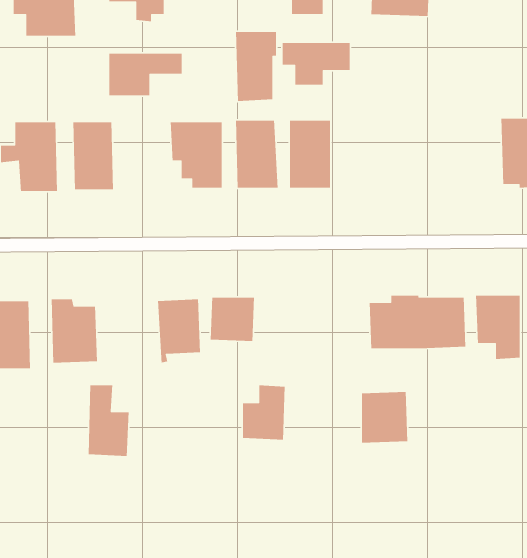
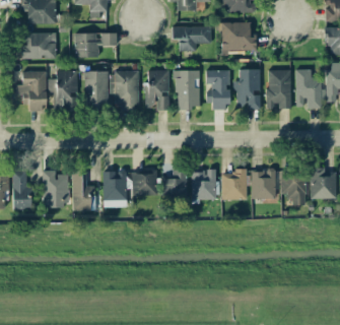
building: [235,31,277,102] -> [207,70,230,110]
building: none -> [222,22,257,52]
building: none -> [21,32,57,59]
building: none -> [235,69,261,109]
building: none -> [267,70,291,109]
building: none -> [85,71,109,109]
building: [242,384,286,440] -> [163,169,188,200]
building: [88,385,129,457] -> [72,170,95,210]
building: [361,391,408,444] -> [192,170,218,199]

